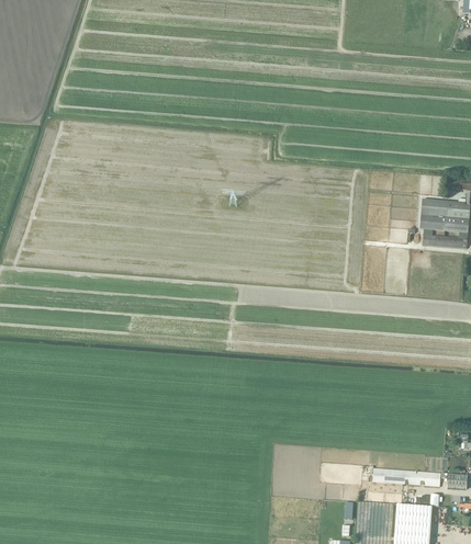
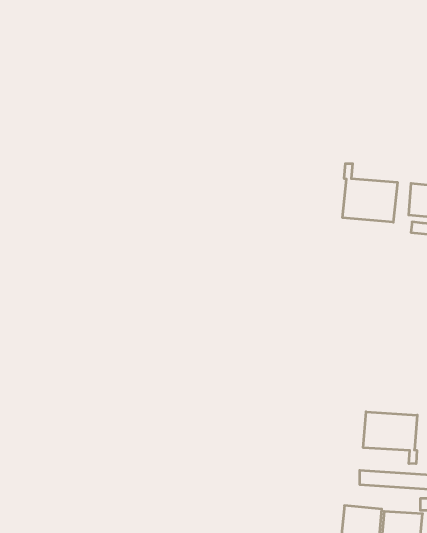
building: none -> [343,164,397,222]
building: none -> [363,412,417,464]

